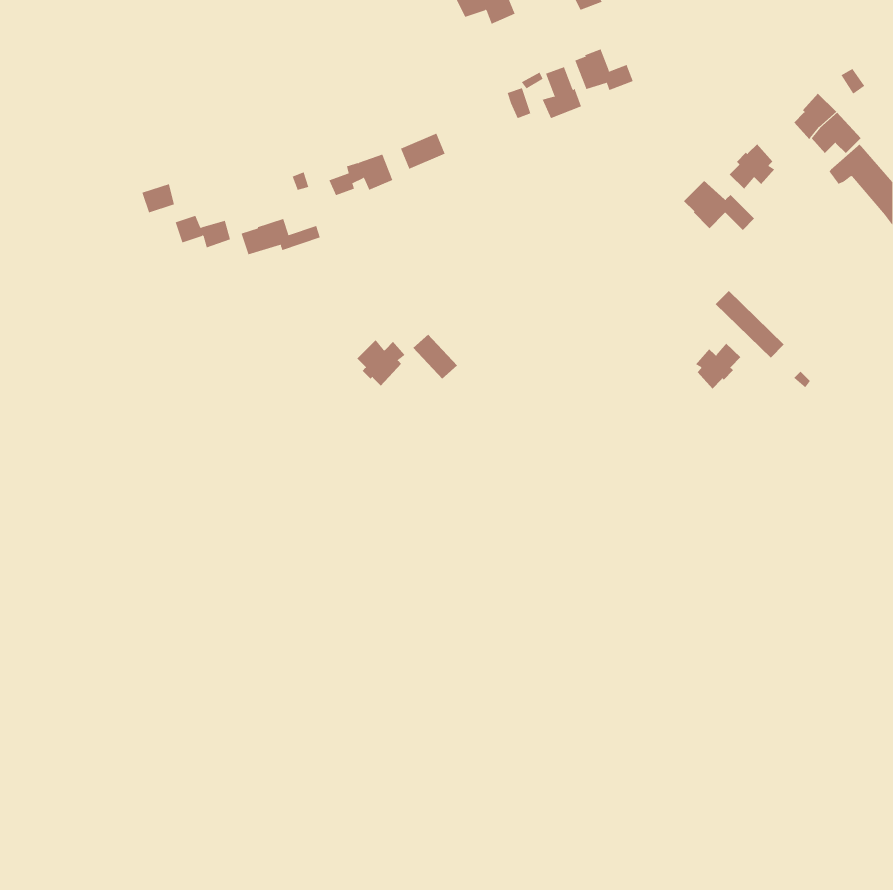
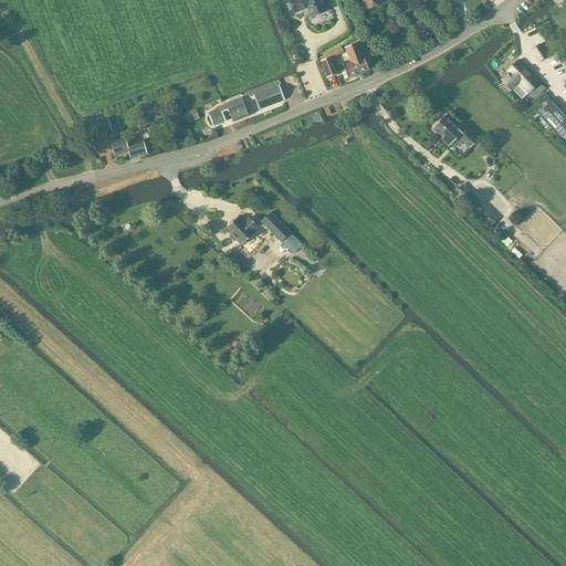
building: [574,49,634,91] -> none
building: [729,143,775,189] -> none
building: [241,218,321,255] -> none
building: [695,343,741,389] -> none

